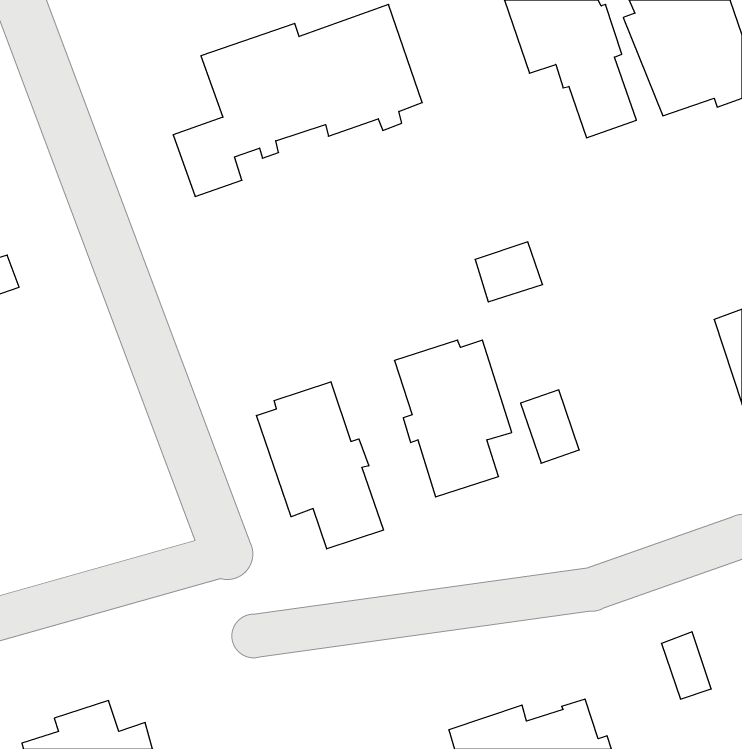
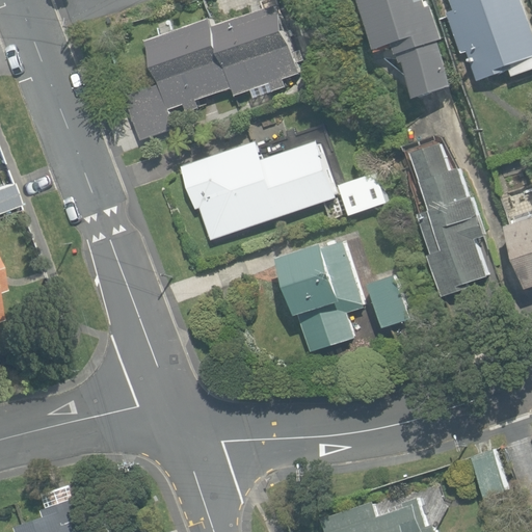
building: none -> [177,140,334,241]
building: none -> [410,143,485,296]
building: [256,382,384,549] -> none

